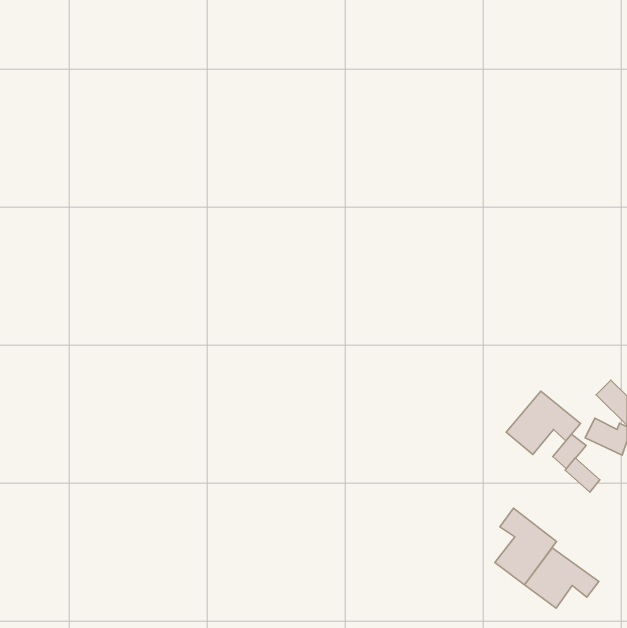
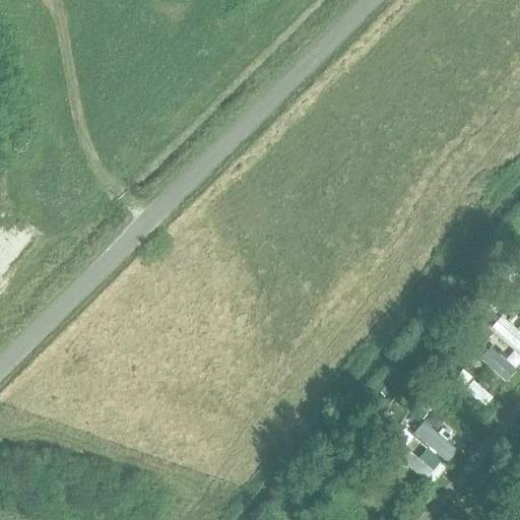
building: [506,391,581,454] -> none
building: [525,548,599,608] -> none

